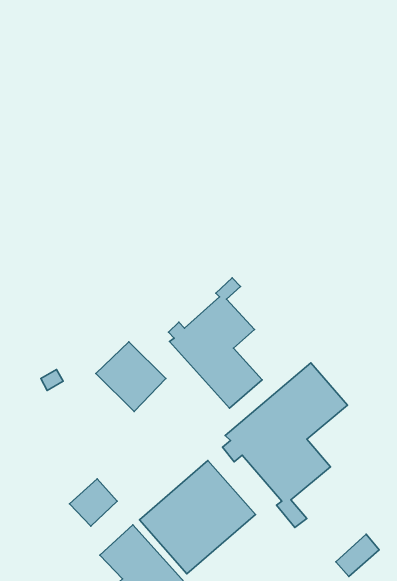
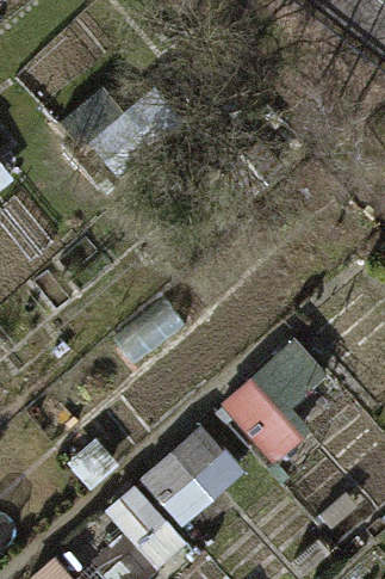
building: [168,278,262,408] -> none

